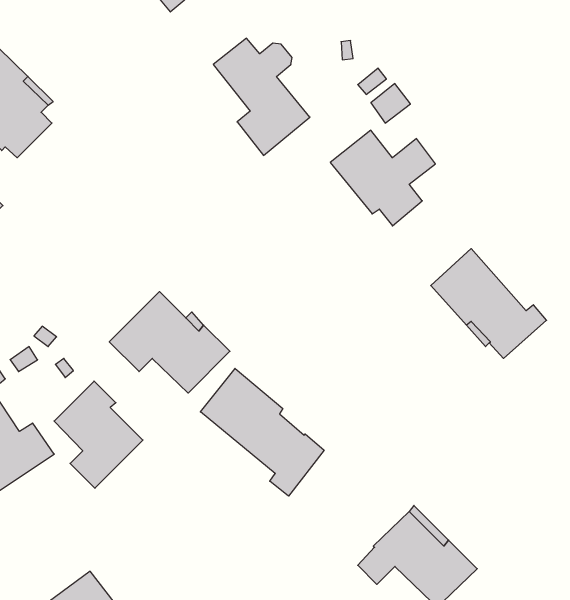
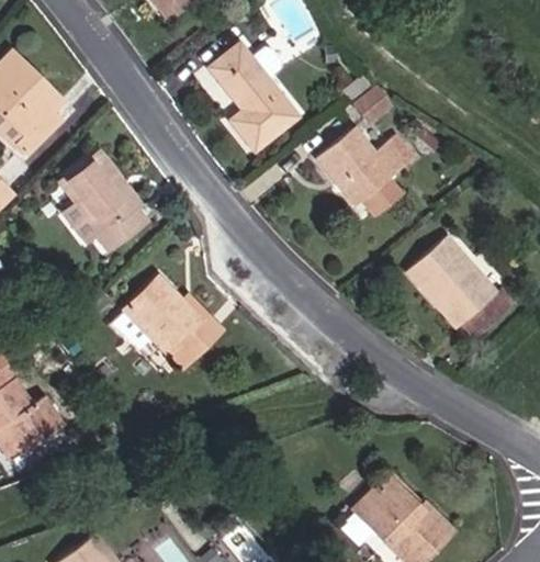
building: none -> [60,153,145,249]
building: [200,368,324,496] -> none
building: [54,381,143,488] -> none

